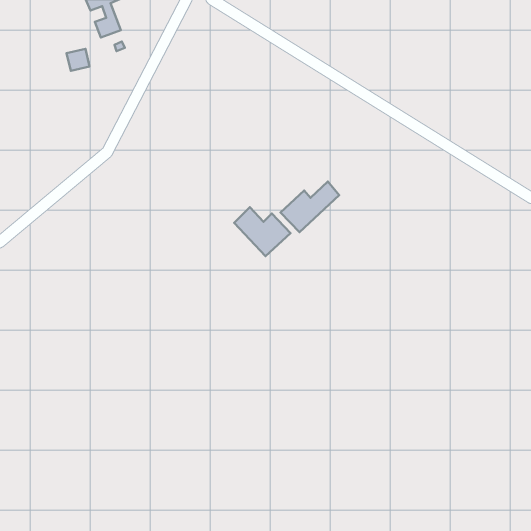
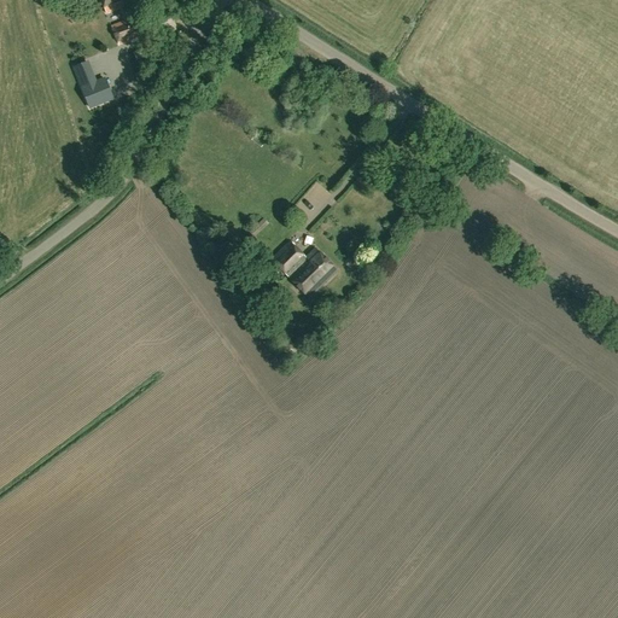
building: none -> [81,78,111,107]
building: [281,181,339,232] -> none

